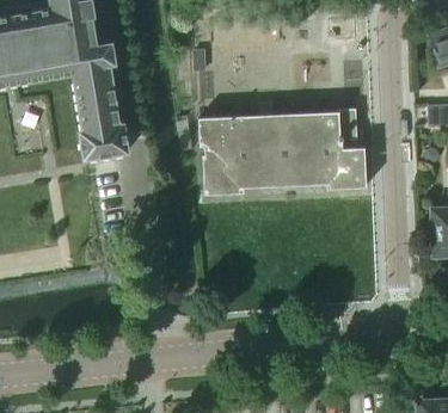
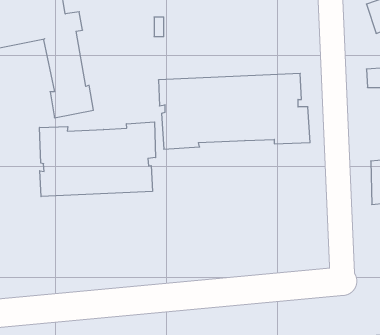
building: none -> [40,122,156,197]

